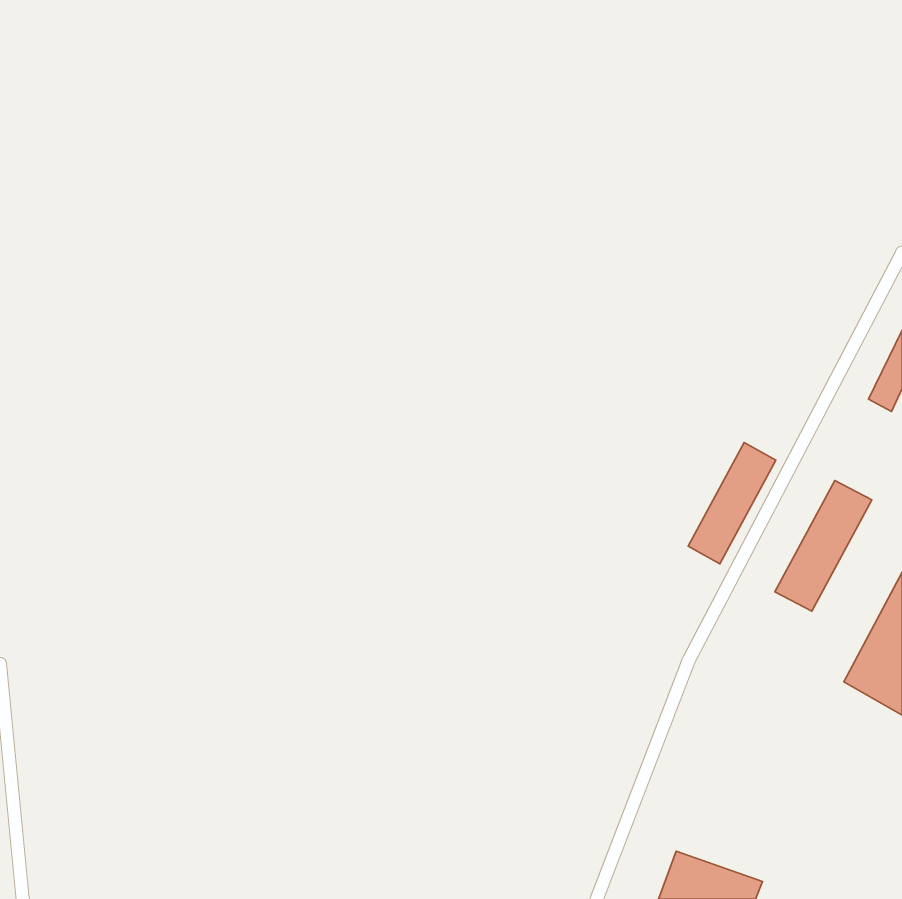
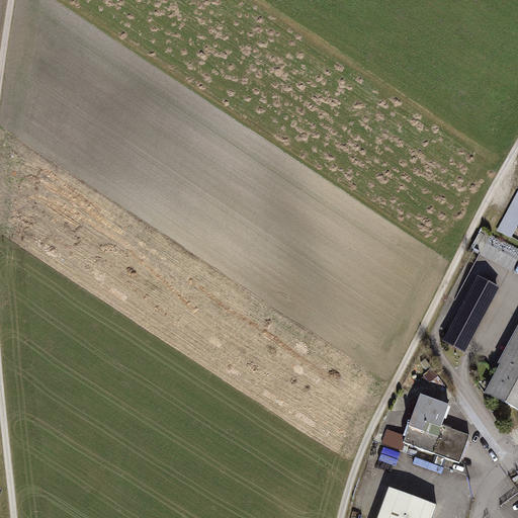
building: [688,442,776,564] -> none
building: none -> [382,394,470,462]

